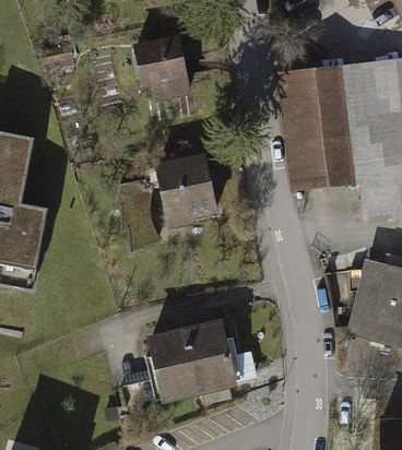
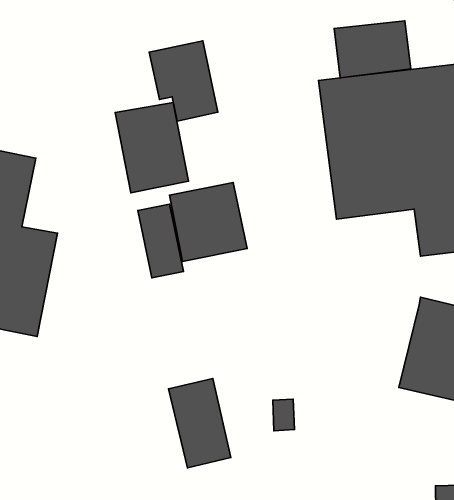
building: none -> [334,21,411,78]
building: none -> [115,102,189,193]
building: [187,318,240,394] -> none

